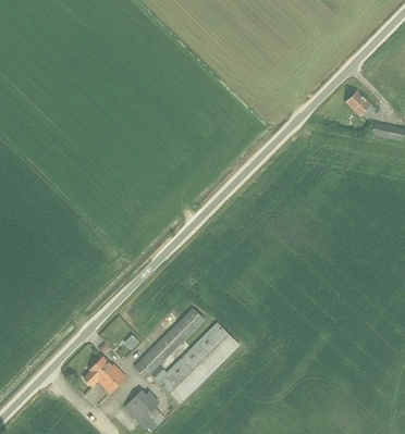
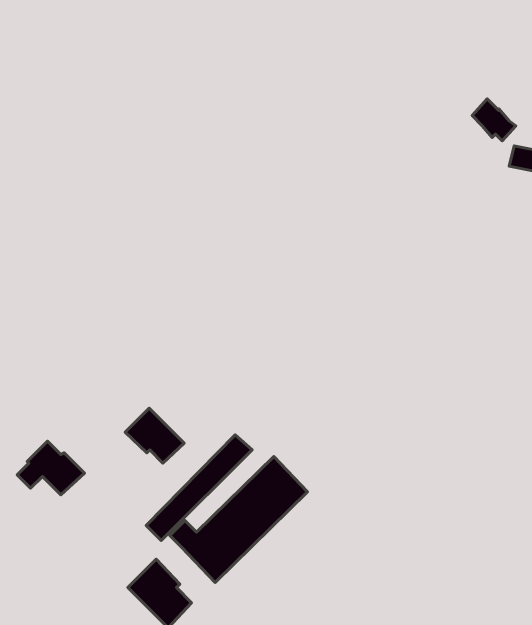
building: none -> [125,408,184,463]
building: [82,356,125,390] -> [17,441,84,495]

